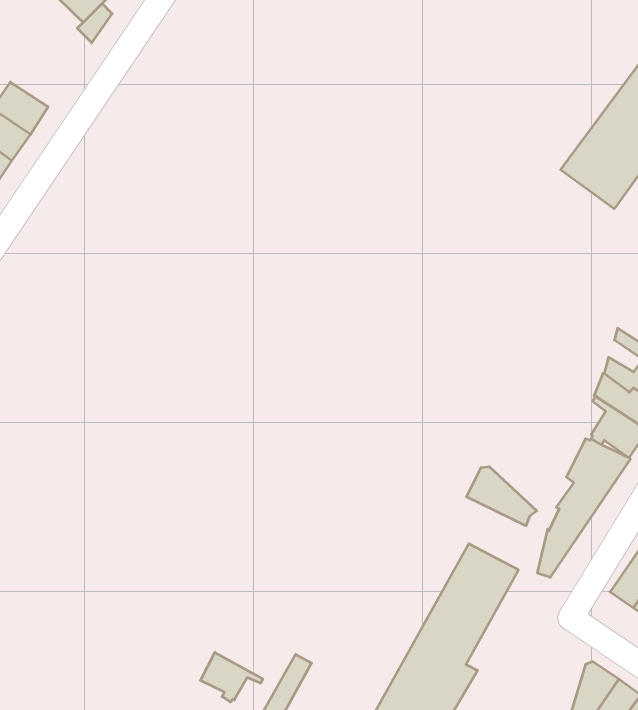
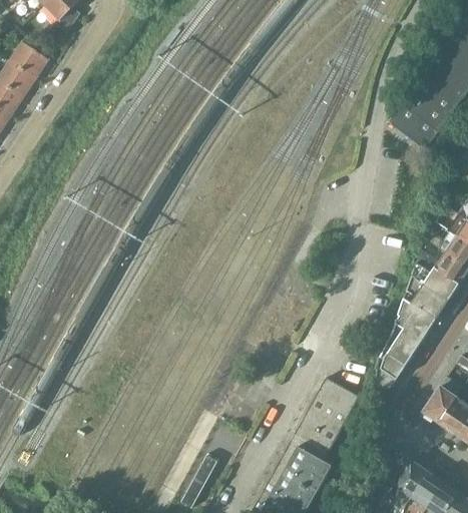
building: none -> [10,42,48,78]
building: [466,467,537,526] -> none
building: [200,652,263,702] -> none

